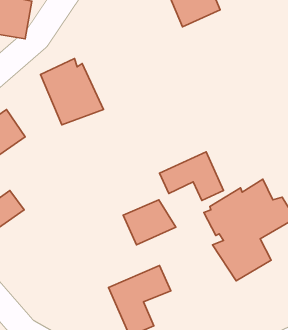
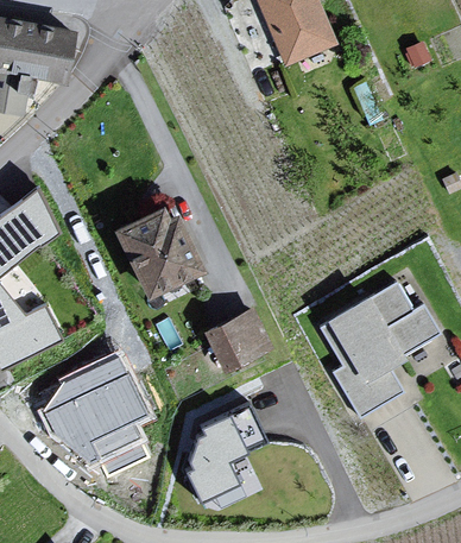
building: [40,58,103,125] -> [112,206,200,298]
building: [159,152,224,201] -> none
building: none -> [43,348,152,463]

